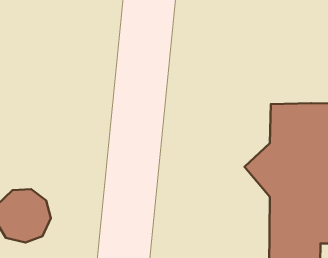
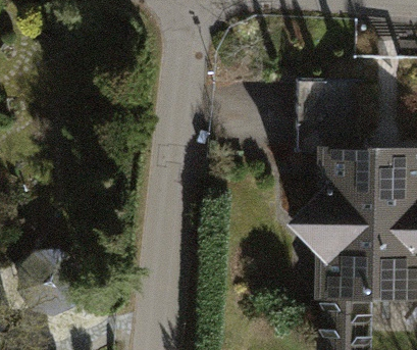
building: none -> [298,79,364,148]

